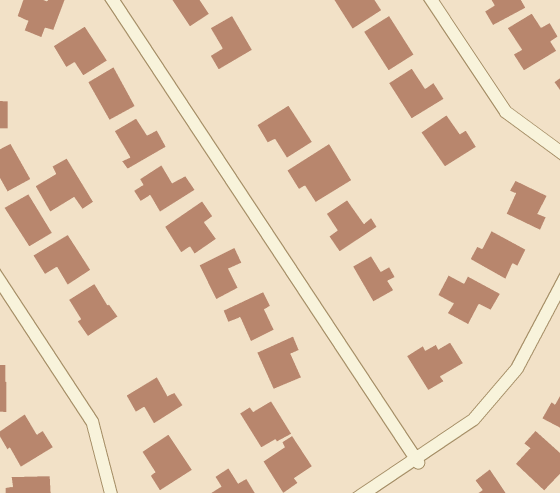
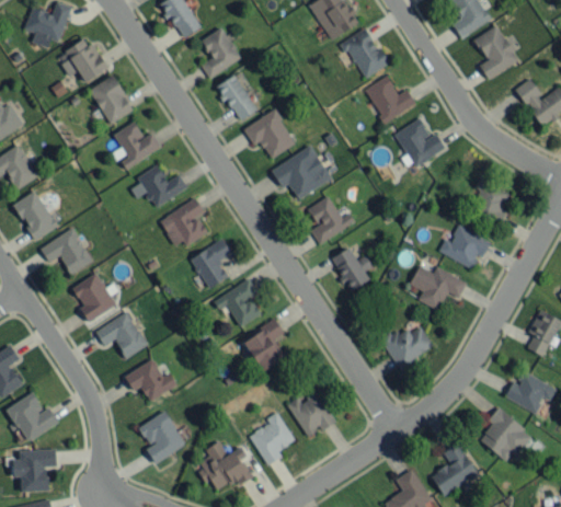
building: none -> [217,74,256,122]
building: [35,158,94,213] -> none
building: none -> [95,311,148,358]
building: [239,400,292,448] -> [288,392,336,436]

